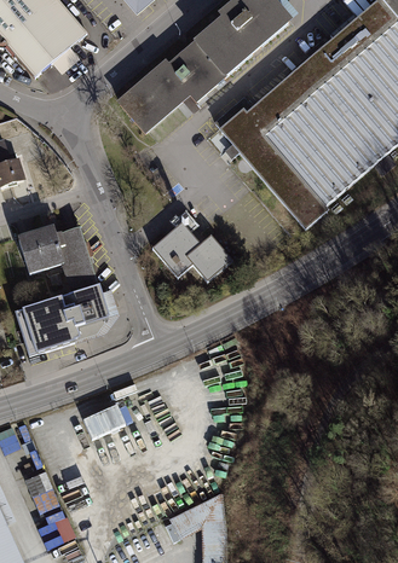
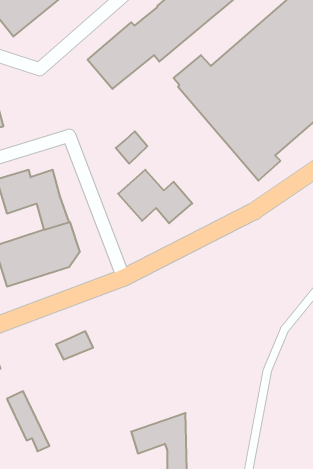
building: none -> [116,131,147,164]

